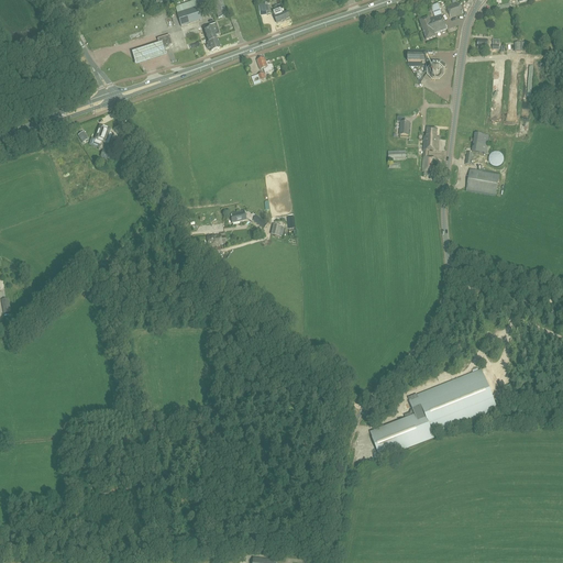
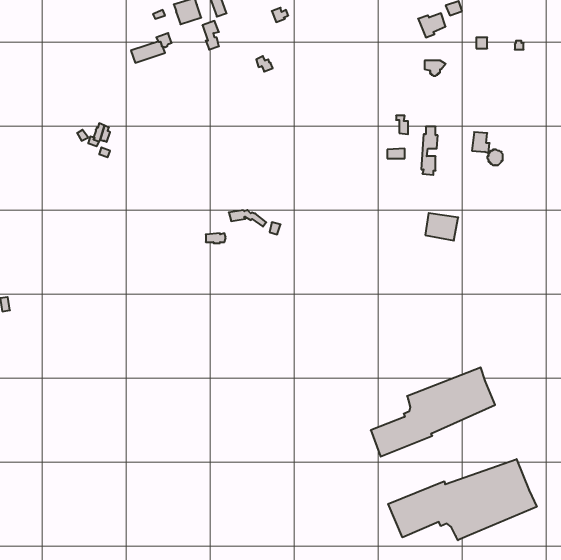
building: [465,167,498,195] -> [425,213,458,241]
building: none -> [388,459,537,540]

